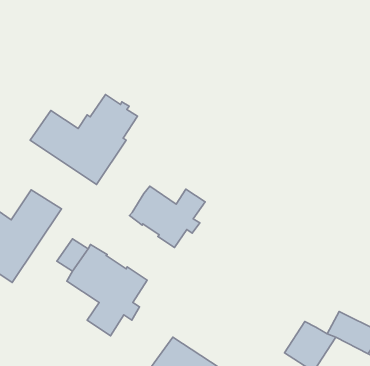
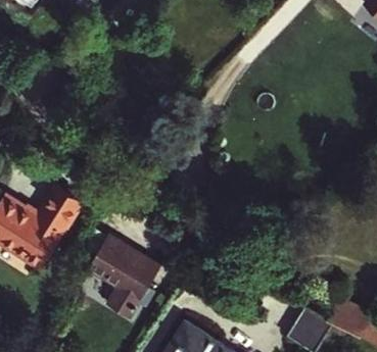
building: [30,95,137,184] -> none
building: [129,186,205,247] -> none

